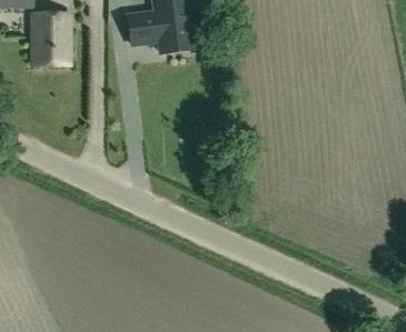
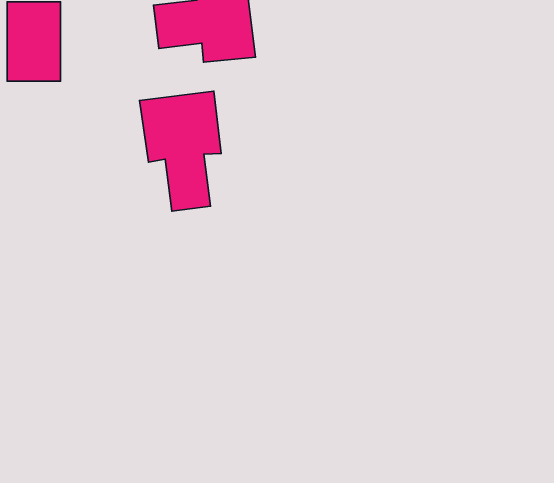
building: none -> [139,91,221,211]

